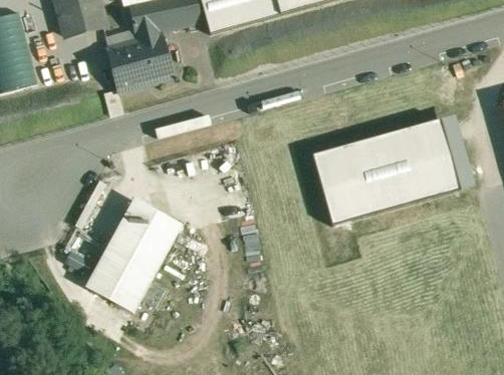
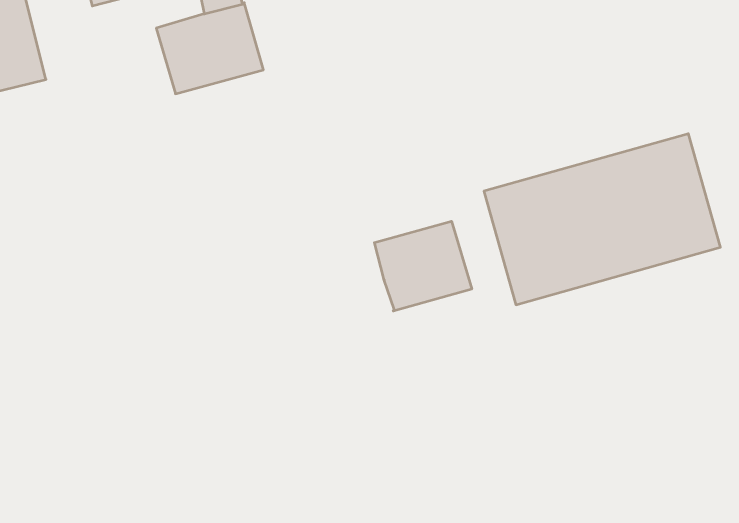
building: none -> [374,221,472,311]
building: [84,198,183,314] -> none

